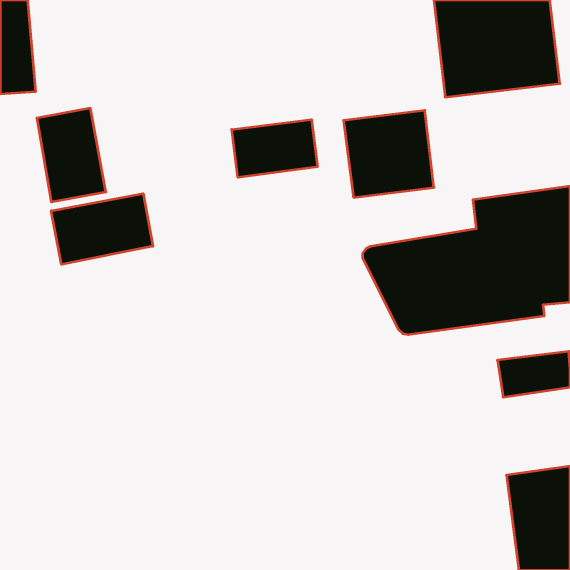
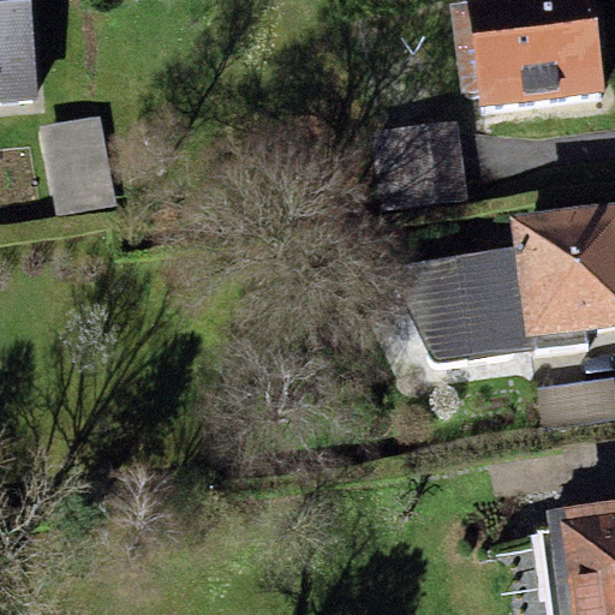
building: [232,120,317,177] -> none
building: [51,194,153,264] -> none

